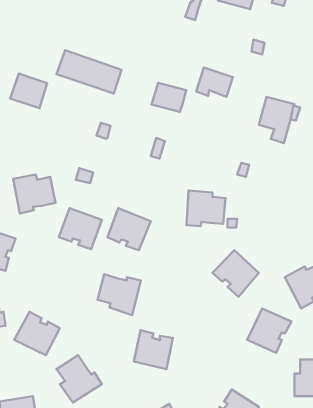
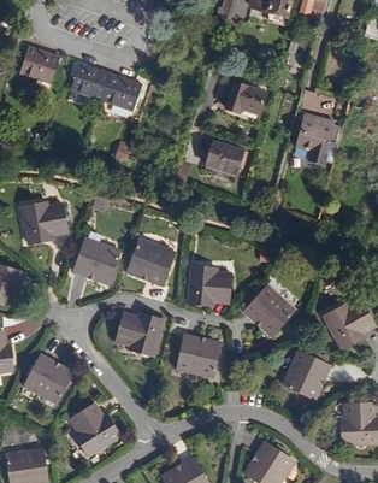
building: [10,74,47,108] -> [19,46,60,84]
building: [152,83,186,112] -> [205,142,243,175]
building: [186,190,225,226] -> [188,265,231,305]
building: [134,330,173,369] -> [177,334,220,377]

